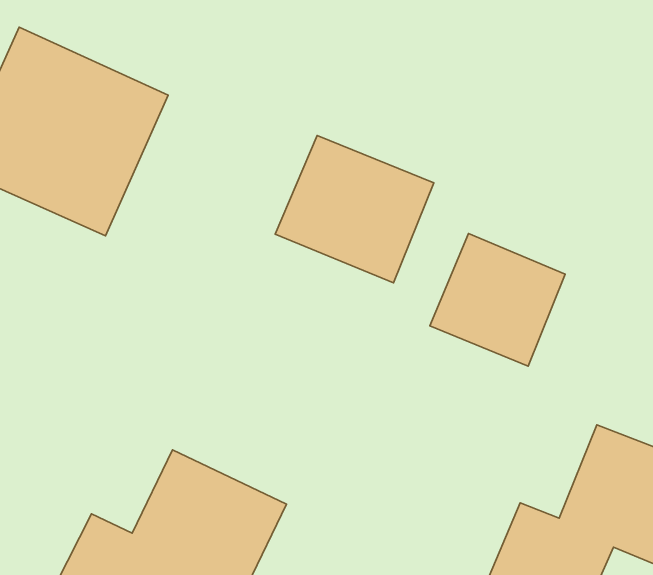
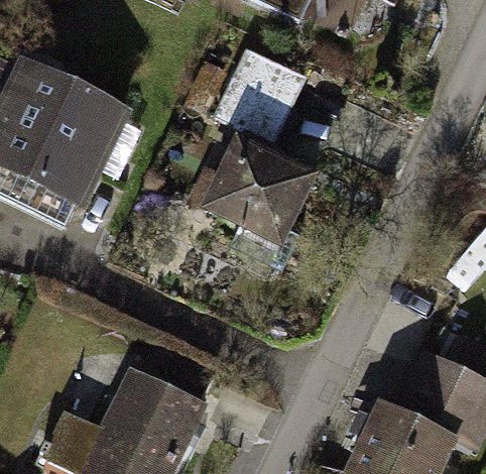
building: none -> [221,47,307,138]
building: [430,234,565,366] -> none

